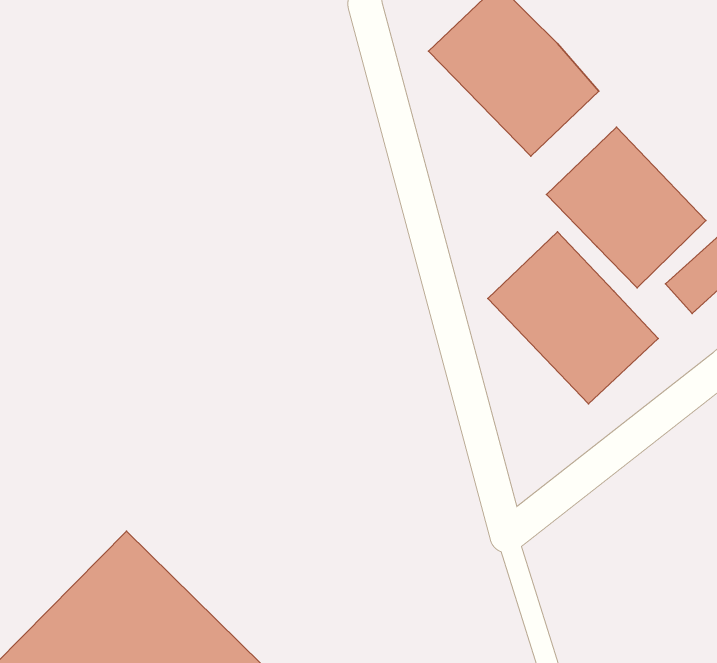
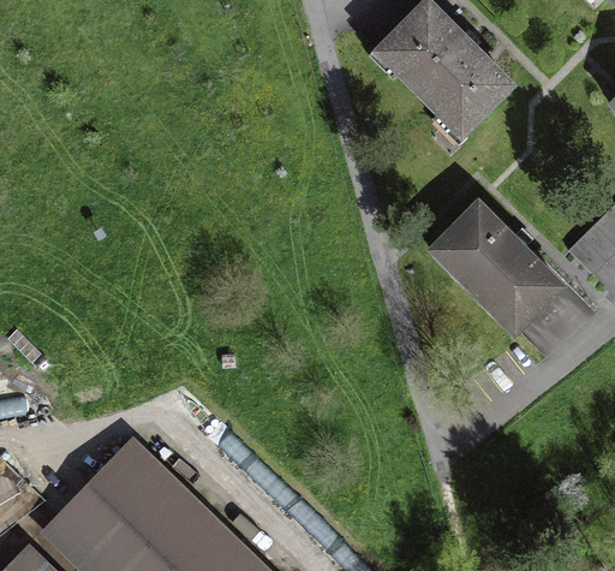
building: [546,127,706,288] -> none

